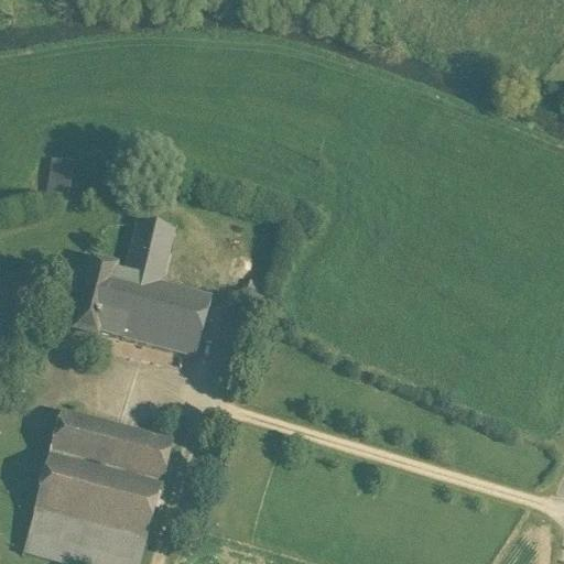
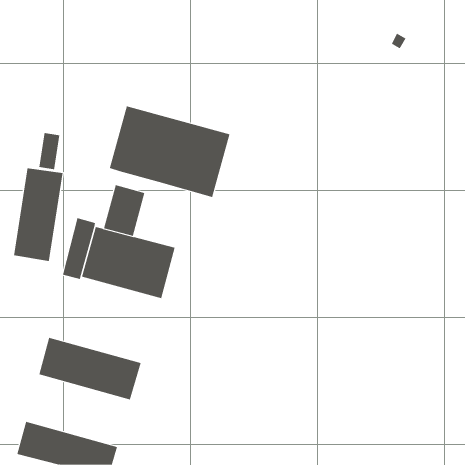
building: none -> [109,106,230,198]
building: none -> [13,168,63,262]
building: [33,452,160,539] -> none

